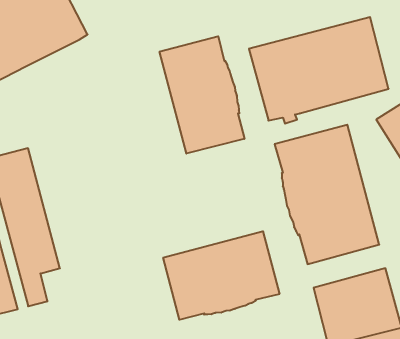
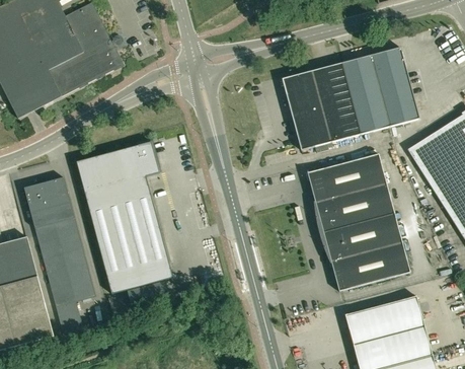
building: [160,36,244,154] -> none
building: none -> [76,141,173,293]
building: [163,231,279,320] -> none

